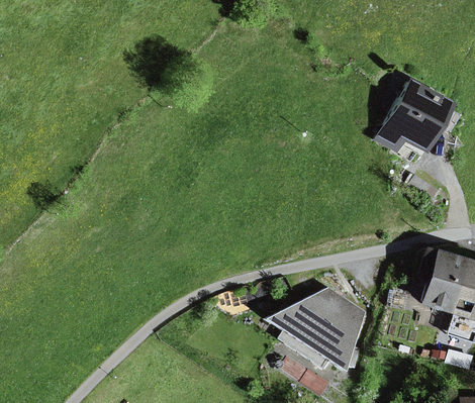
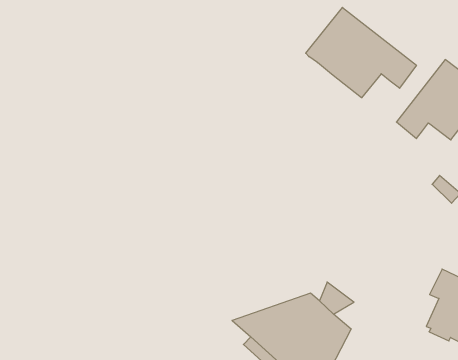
building: none -> [306,7,416,98]

